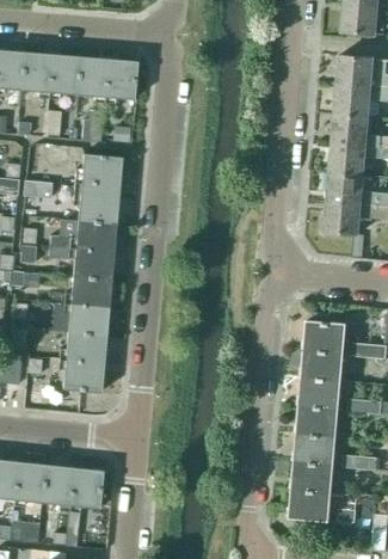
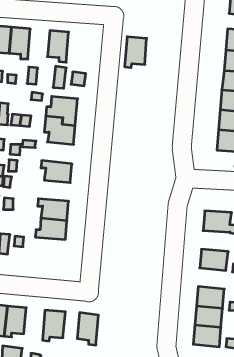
building: [48,54,80,99] -> none
building: [104,59,136,104] -> [125,37,147,68]
building: [49,220,115,252] -> none
building: [63,276,110,307] -> none
building: [302,350,344,381] -> none
building: [57,360,103,393] -> none
building: [297,405,338,436] -> none
building: [42,463,73,511] -> [77,313,98,345]

